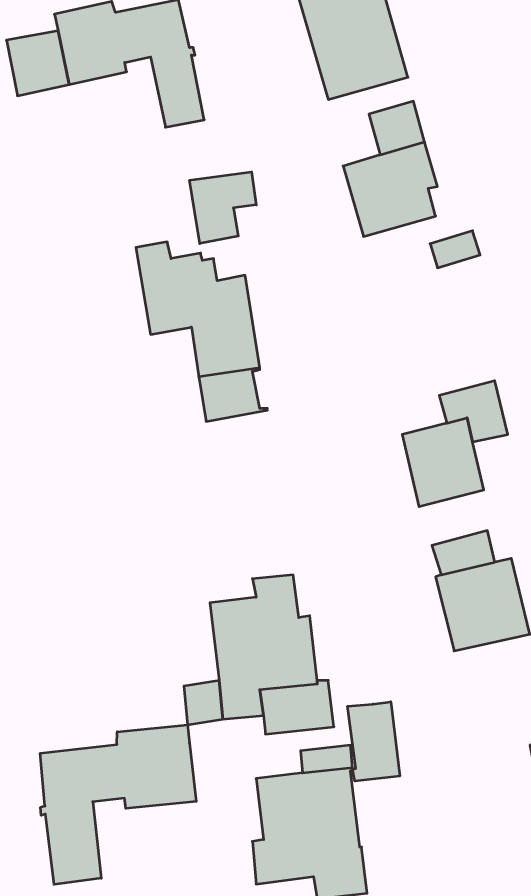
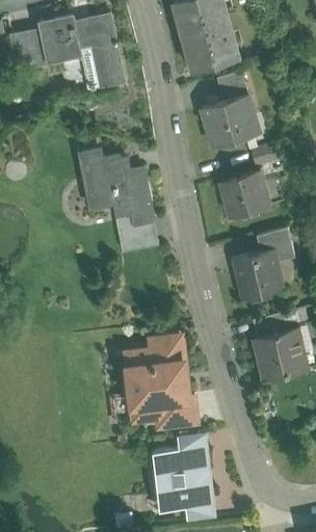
building: [190,172,256,244] -> none
building: none -> [219,169,269,218]
building: [348,702,400,781] -> none
building: [40,725,196,884] -> none

